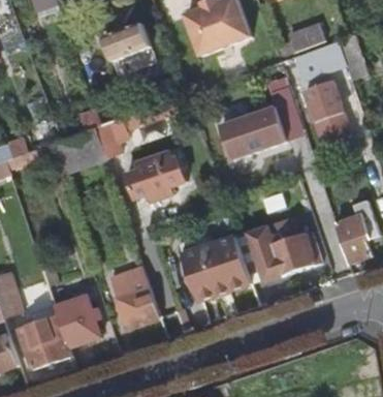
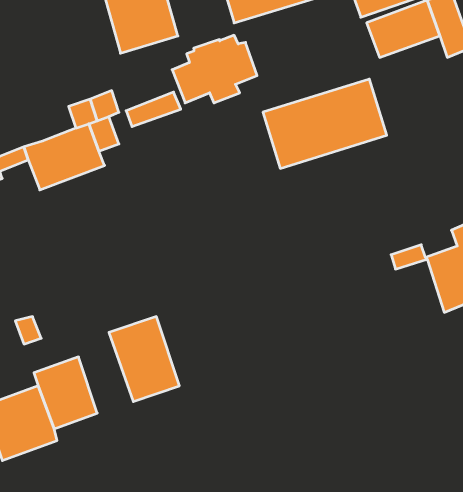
building: [302,75,354,142] -> none
building: [123,150,184,198] -> [172,35,257,103]
building: [248,225,320,280] -> none
building: [181,234,251,300] -> none

